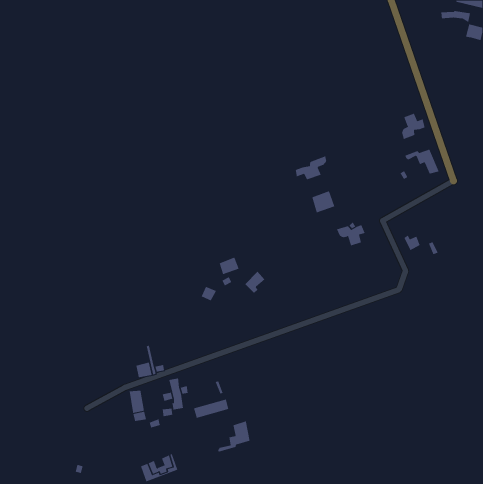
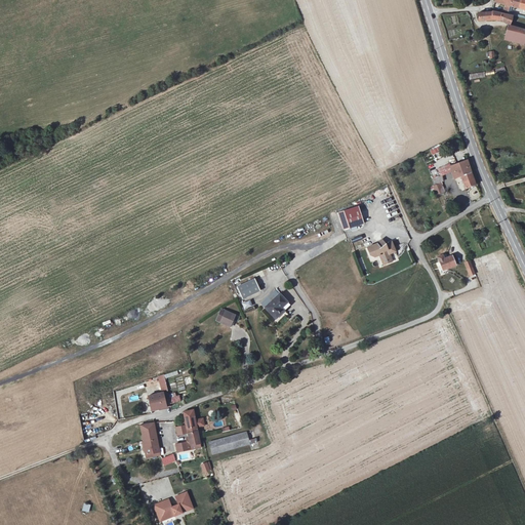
building: [401,113,425,140] -> none
building: [295,156,327,180] -> none
building: [218,420,250,453] -> none

